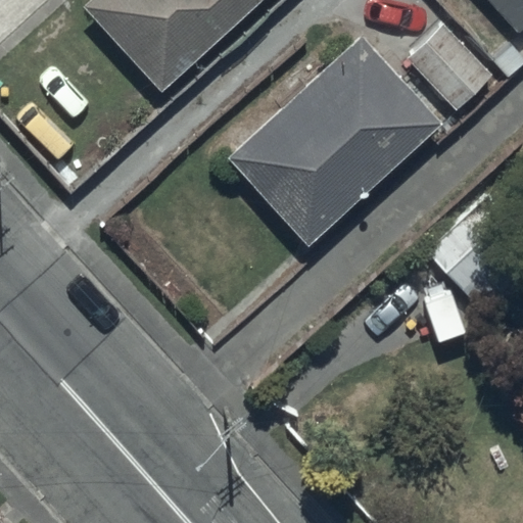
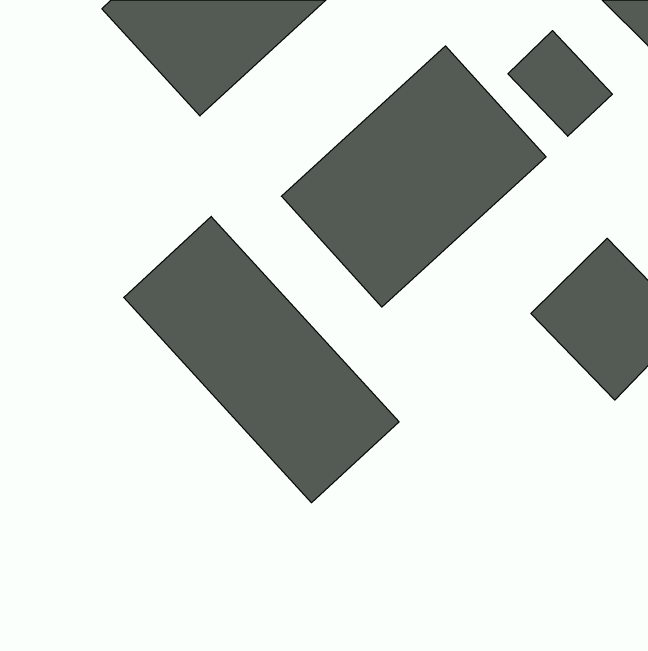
building: none -> [124,216,399,503]

